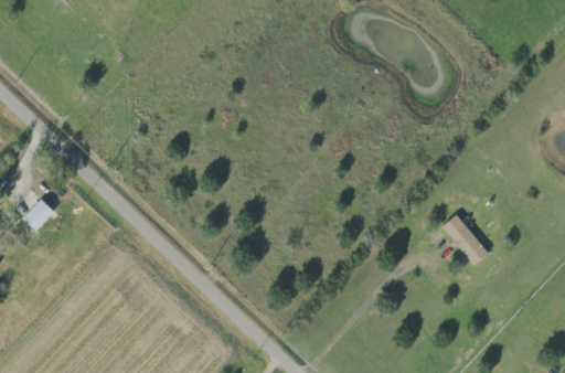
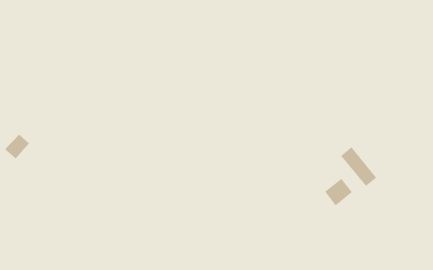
building: none -> [324,178,353,207]

